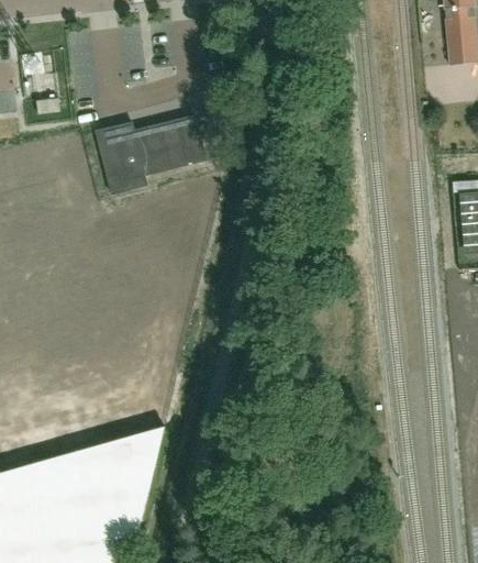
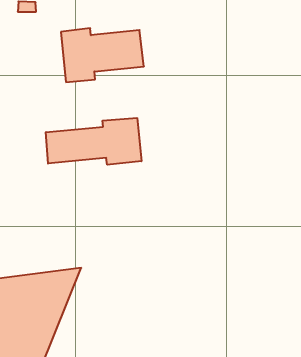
building: none -> [46,118,141,165]

